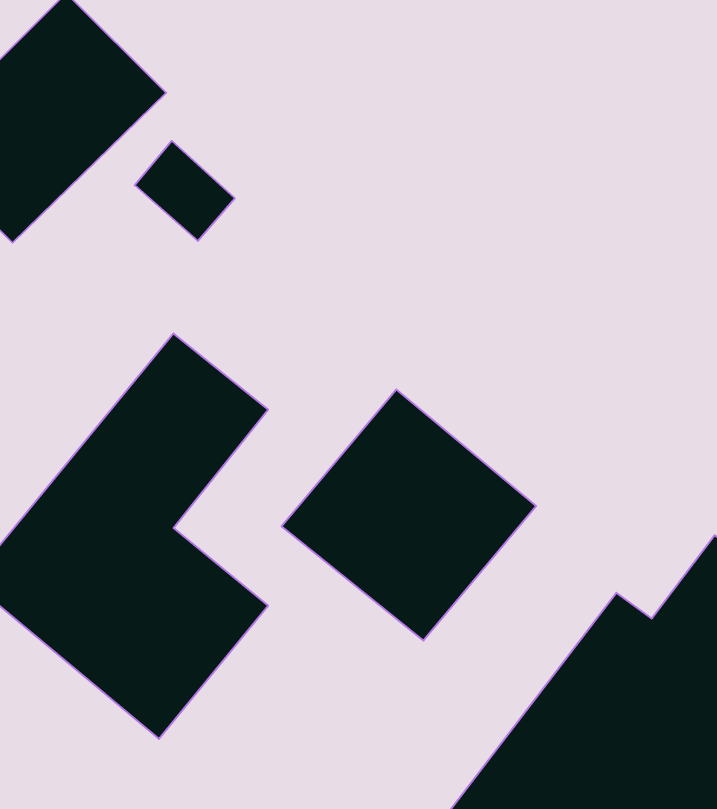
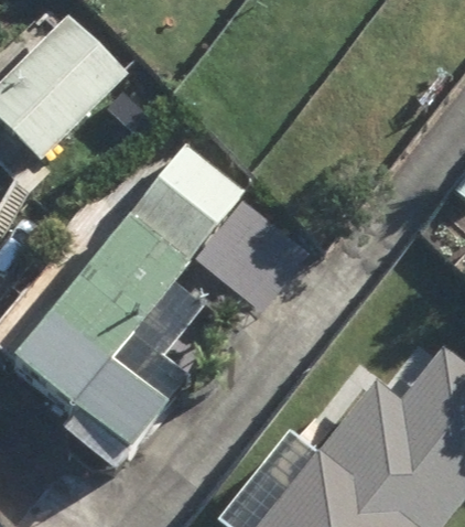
building: none -> [123,151,237,267]
building: [282,389,536,641] -> none

